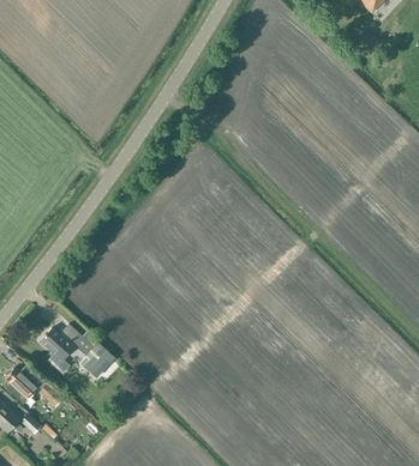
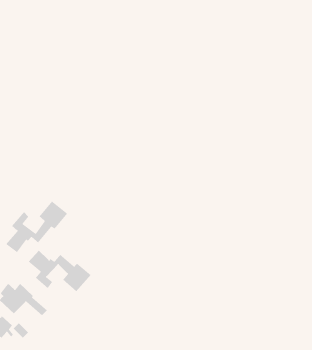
building: none -> [5,200,68,253]

